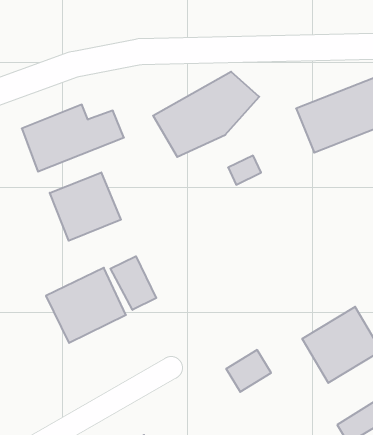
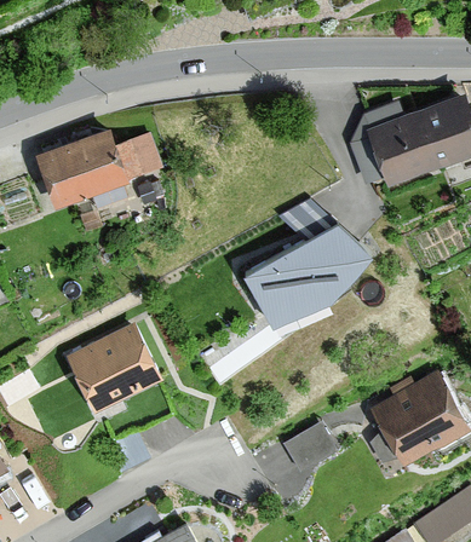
building: [153,72,259,157] -> [245,219,373,322]
building: [50,172,121,241] -> none
building: [110,256,156,310] -> none

